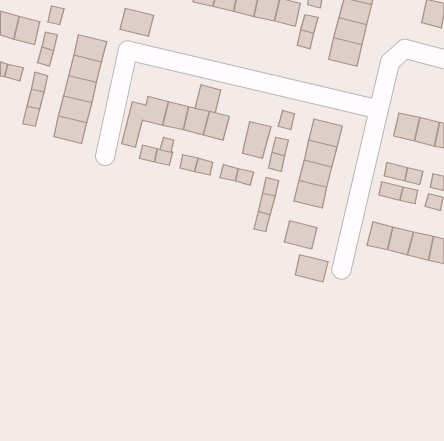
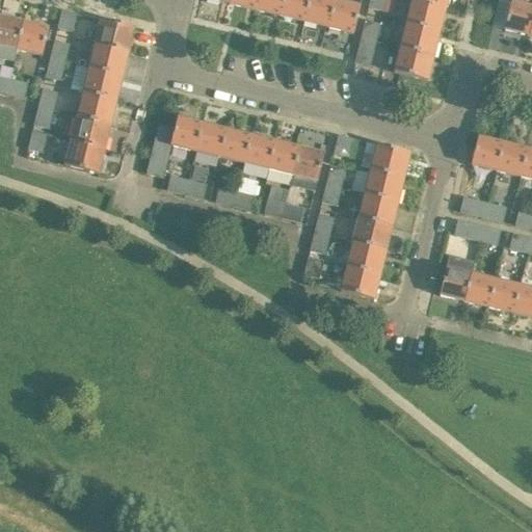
building: [120,8,154,36] -> [94,17,134,50]
building: [195,85,221,113] -> [267,139,298,172]
building: [295,255,328,282] -> [346,240,385,272]

